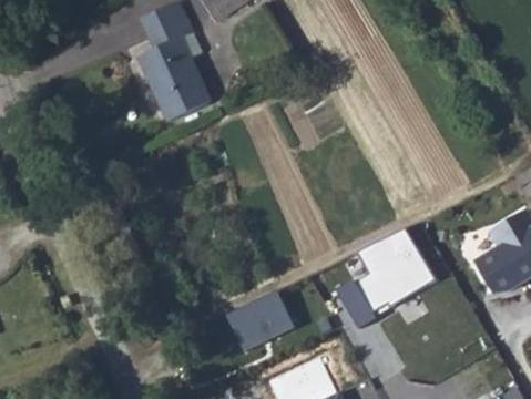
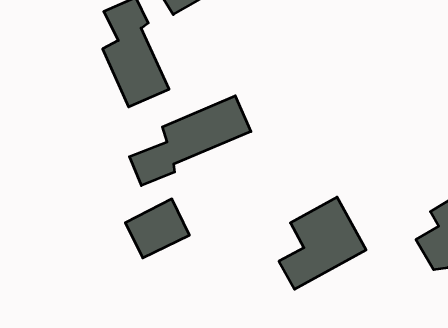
building: none -> [129,96,251,186]
building: [222,286,290,349] -> [125,199,189,258]

